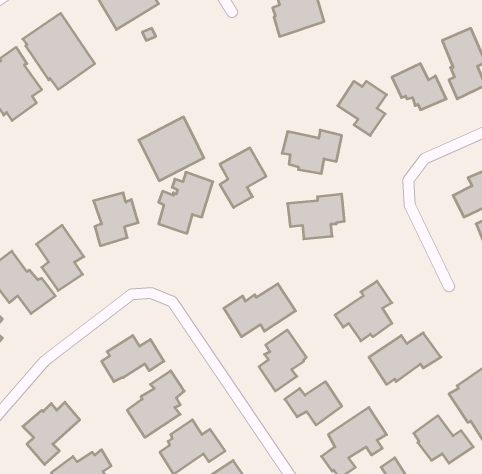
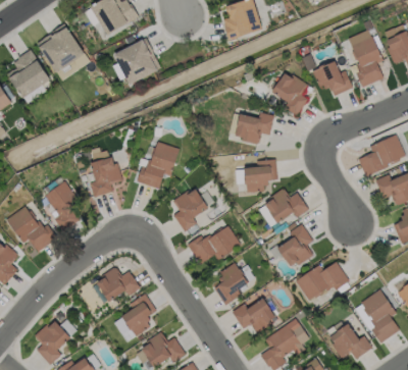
building: [139,117,204,181] -> [111,38,160,86]
building: [220,148,266,208] -> [172,188,207,232]
building: none -> [258,189,308,227]

